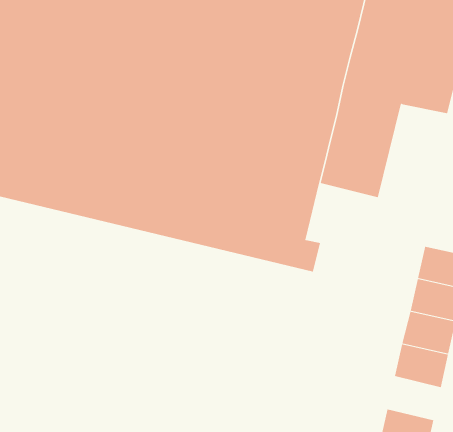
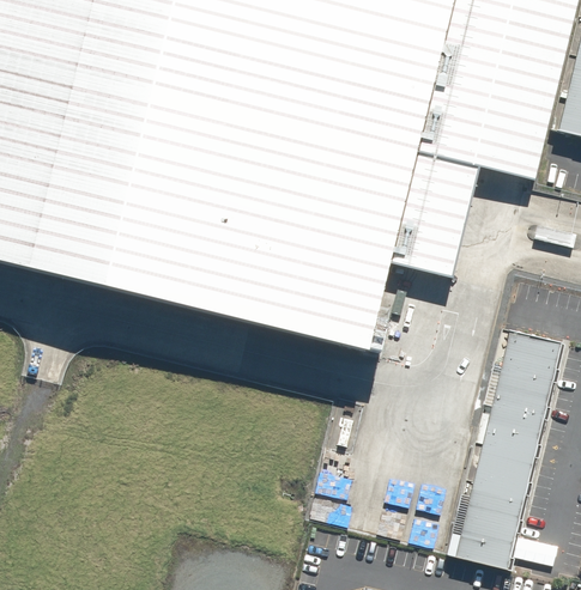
building: none -> [465,473,527,523]

